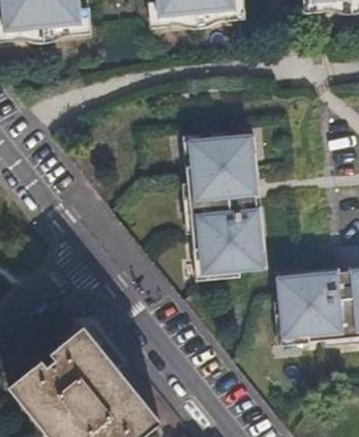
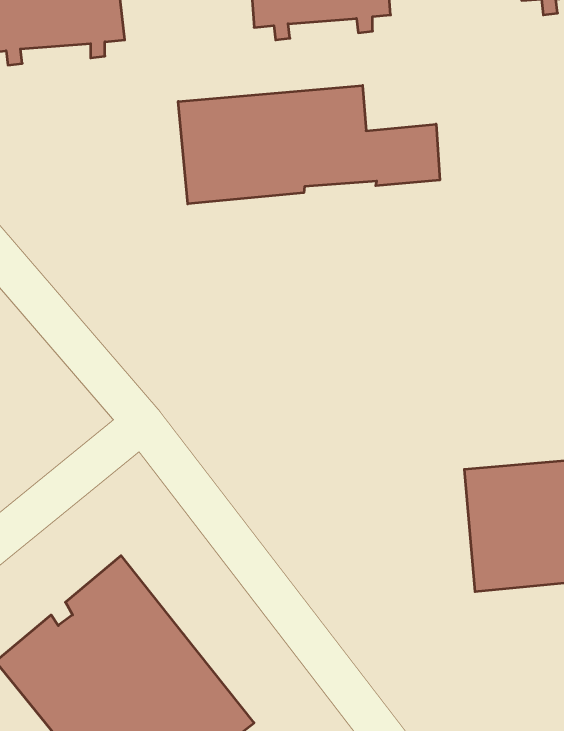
building: none -> [178,85,440,204]
building: [184,136,266,273] -> none

